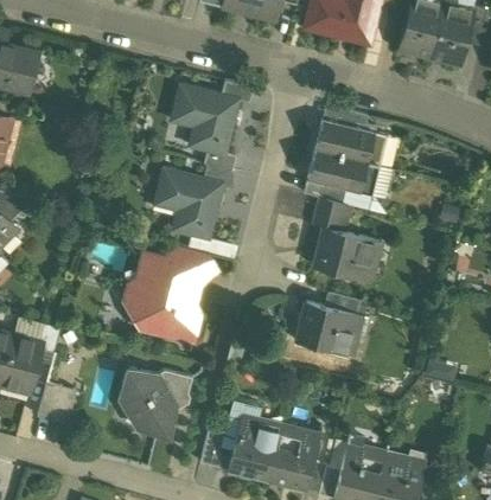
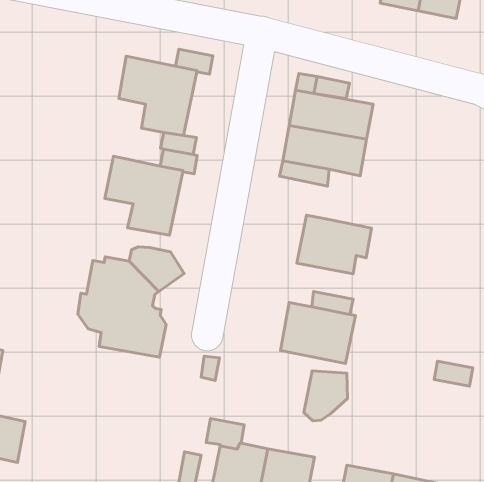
building: [314,198,350,232] -> none
building: none -> [304,371,348,421]
building: [120,368,192,434] -> none

